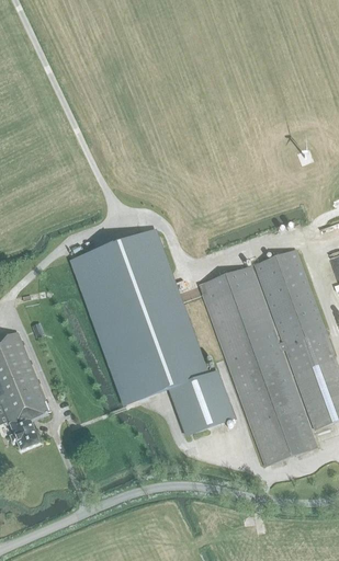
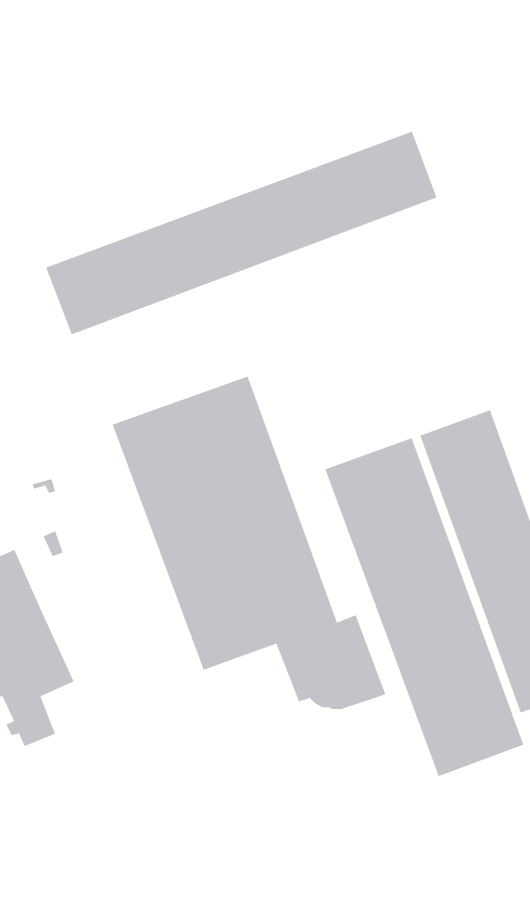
building: none -> [45,131,437,335]

